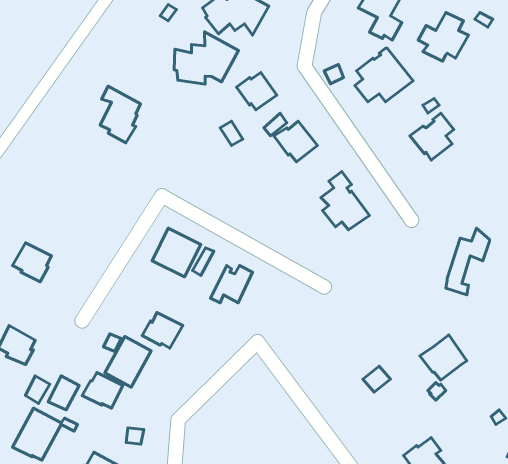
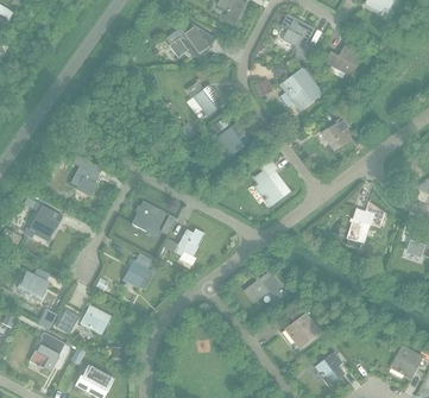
building: [174,32,239,84] -> none
building: [100,86,141,143] -> [70,154,100,196]
building: none -> [244,270,284,302]
building: [420,335,467,380] -> [285,312,320,346]
building: [105,336,151,387] -> none

